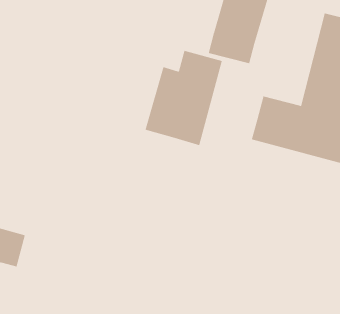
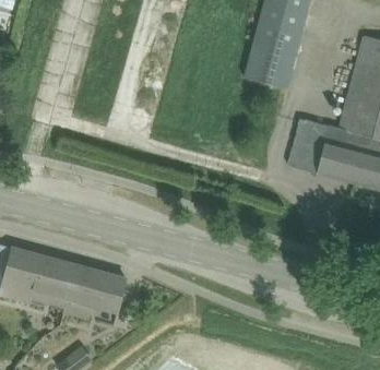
building: [145,50,223,146] -> none
building: none -> [50,261,126,319]

